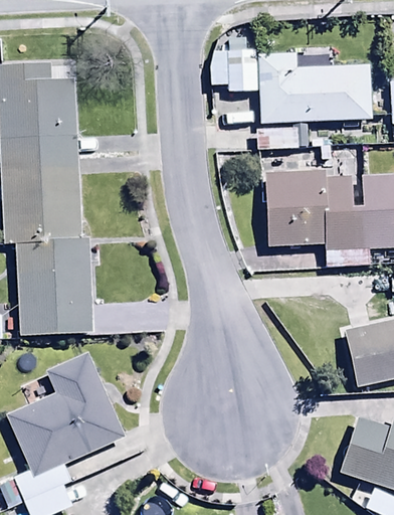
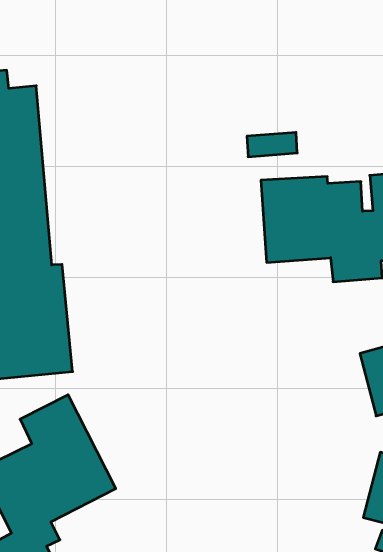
building: [212,48,372,123] -> none

